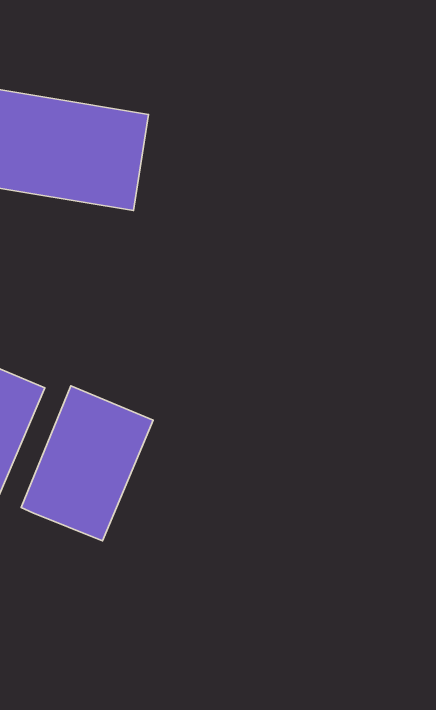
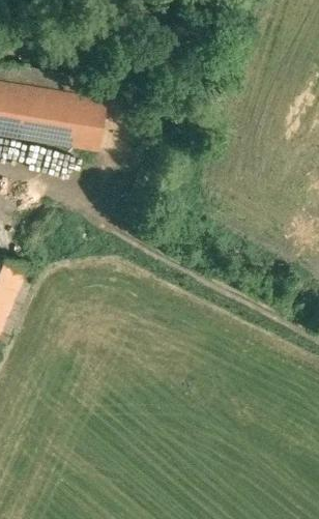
building: [21,386,153,541] -> none

